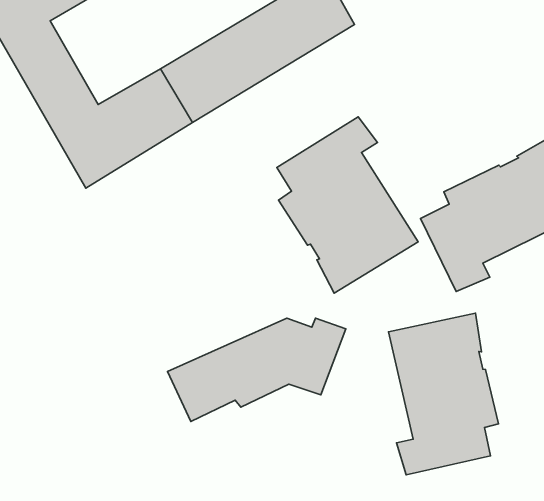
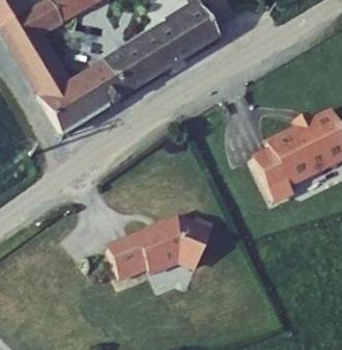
building: [277,117,418,293] -> none
building: [388,313,498,475] -> none

